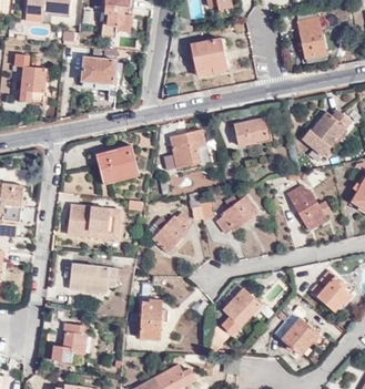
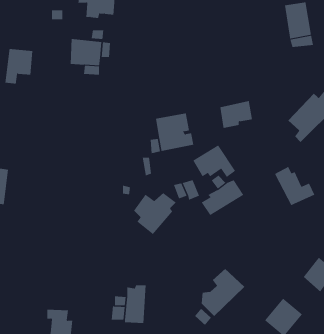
building: [190,38,226,70] -> none
building: [93,147,130,178] -> none
building: none -> [192,144,236,178]
building: [67,205,119,239] -> none
building: [67,266,114,294] -> none

